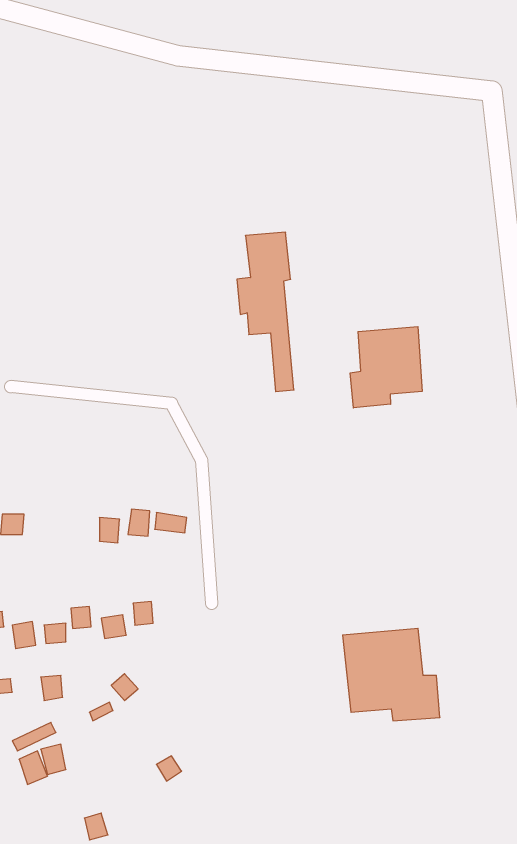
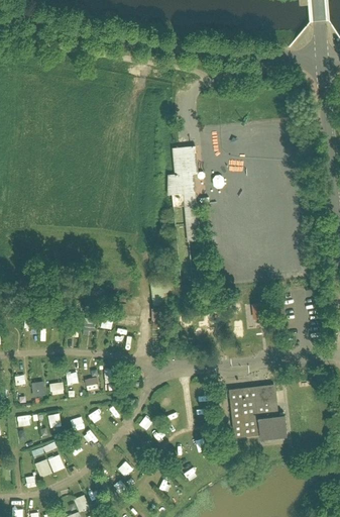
building: [350,327,422,408] -> none

